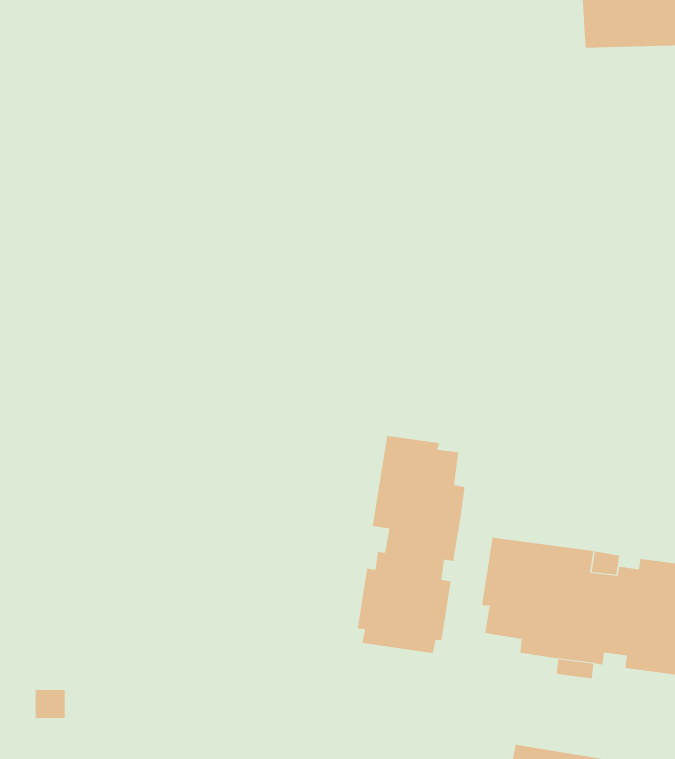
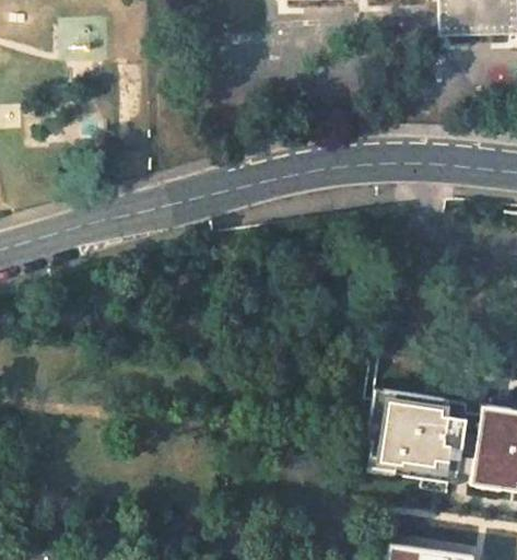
building: [357,435,465,654] -> none

